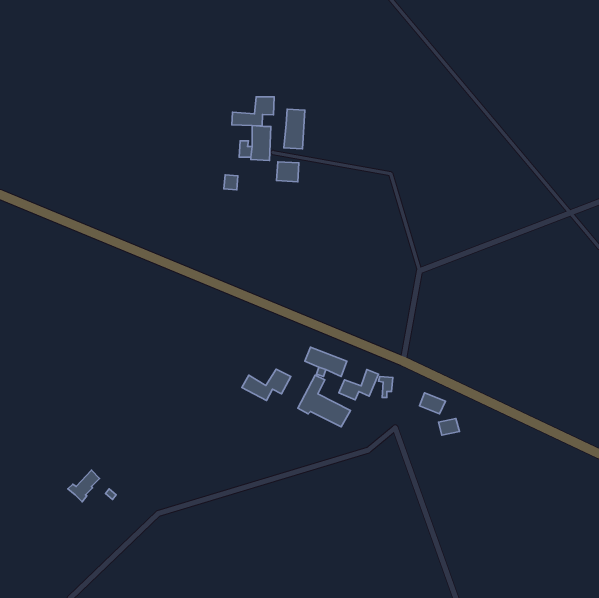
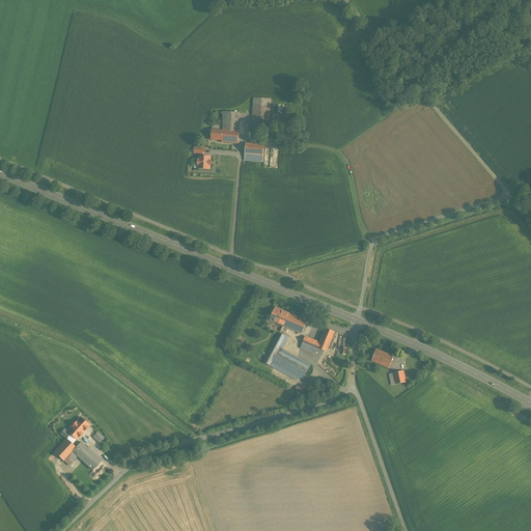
building: [232,97,274,126] -> none
building: [242,369,291,401] -> none
building: none -> [54,438,101,469]

